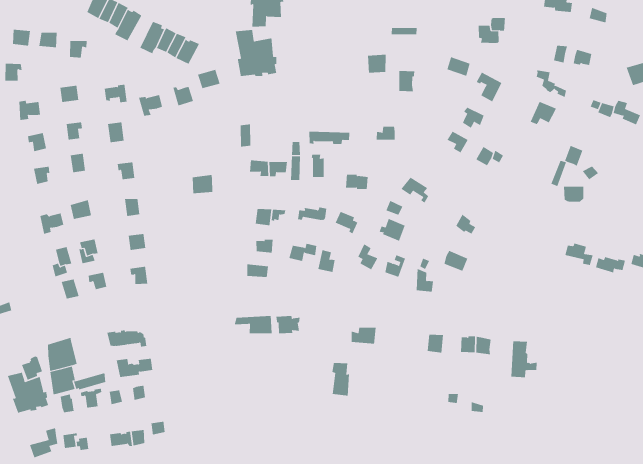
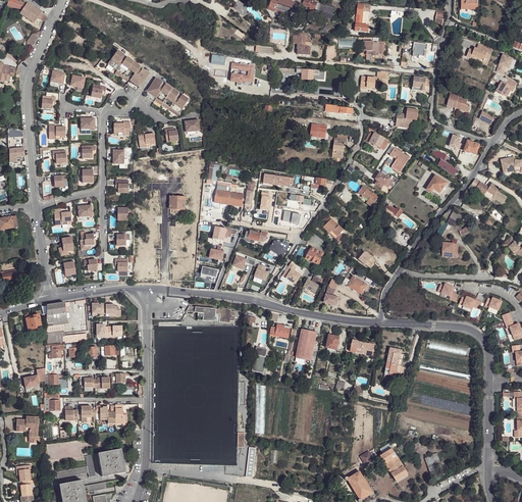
building: [235,29,277,77] -> none
building: none -> [296,330,317,361]
building: [7,372,49,414] -> none

